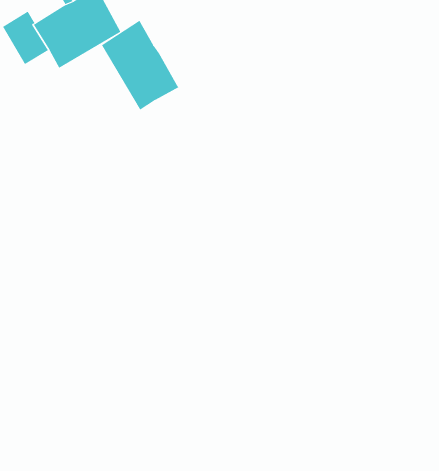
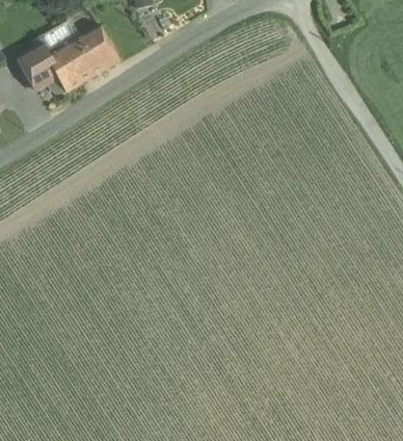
building: [101,20,179,111] -> none

